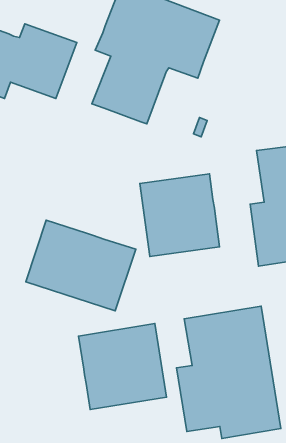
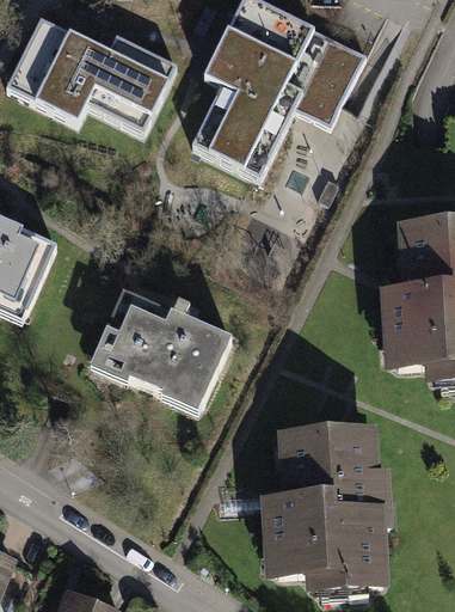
building: [140,174,220,256] -> none
building: [78,324,167,410] -> none

